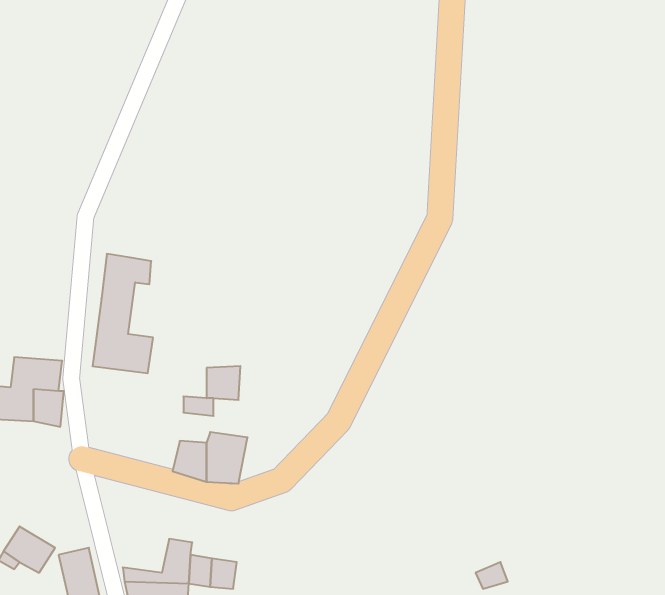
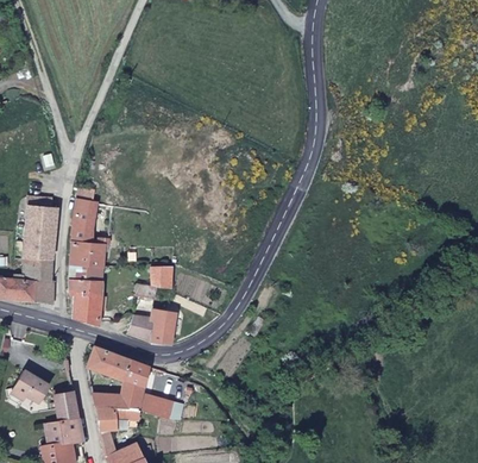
building: none -> [21,194,58,261]
building: none -> [68,279,103,326]
building: none -> [89,345,144,382]

